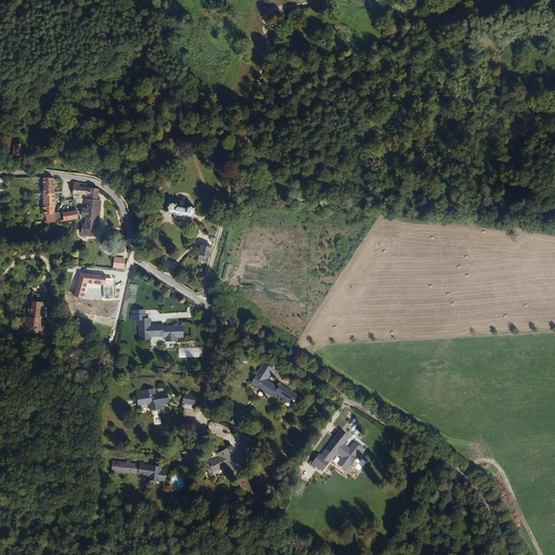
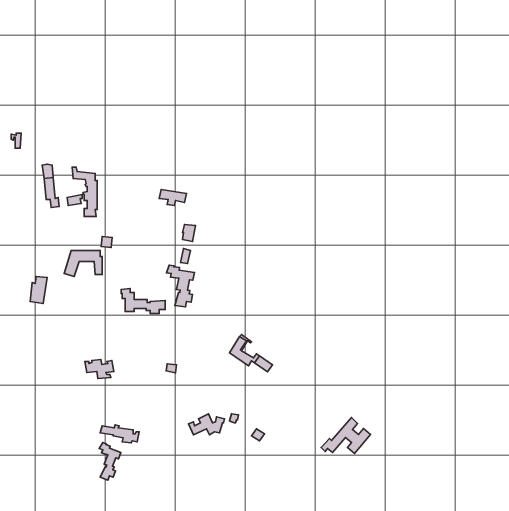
building: none -> [166,265,194,307]
building: [133,388,165,409] -> [85,360,114,379]
building: [306,430,359,469] -> [321,417,370,453]
building: none -> [99,443,121,480]

